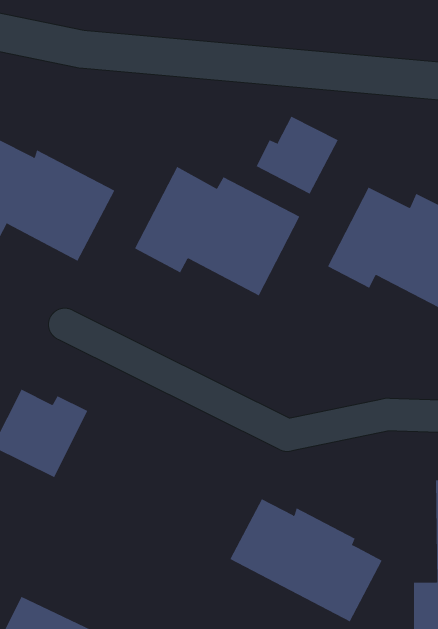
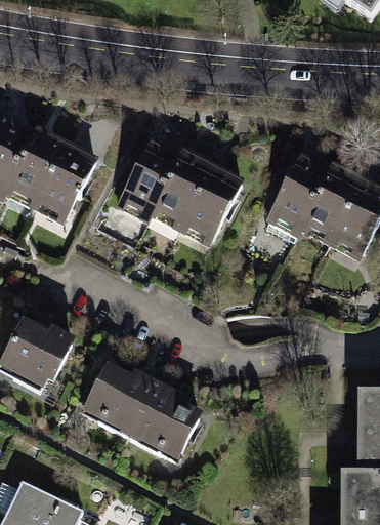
building: [256,116,338,194] -> none
building: [229,499,382,622] -> [81,362,203,460]

